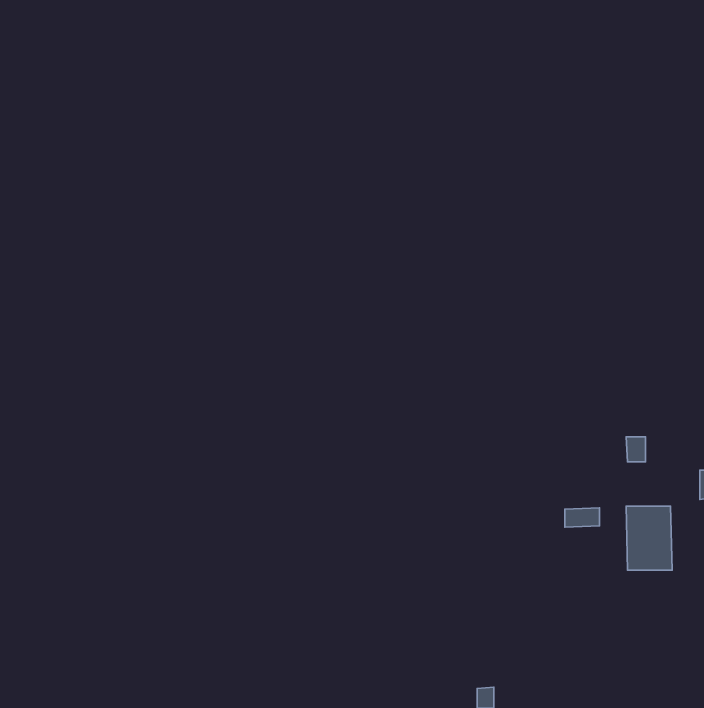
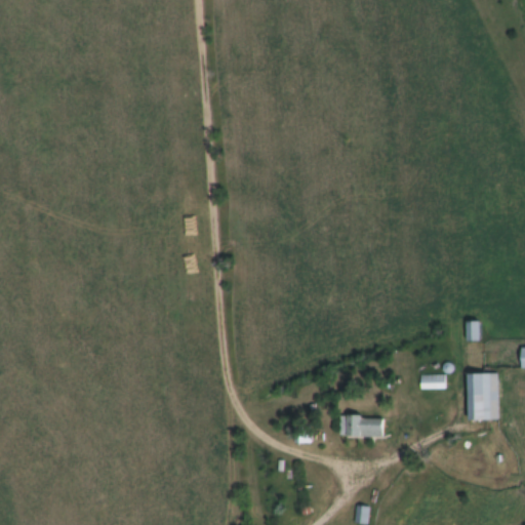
building: none -> [340,416,386,438]

